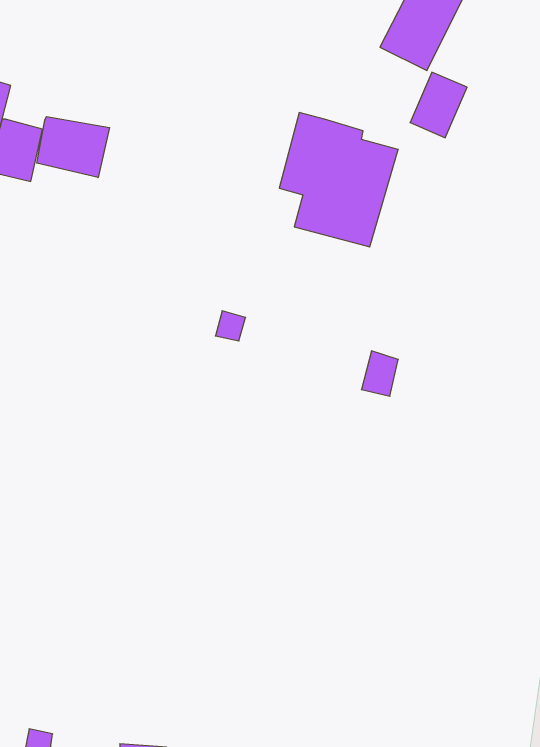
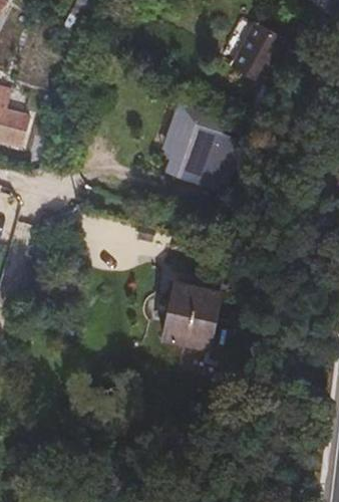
building: [37,117,110,178] -> none
building: none -> [158,283,216,349]

